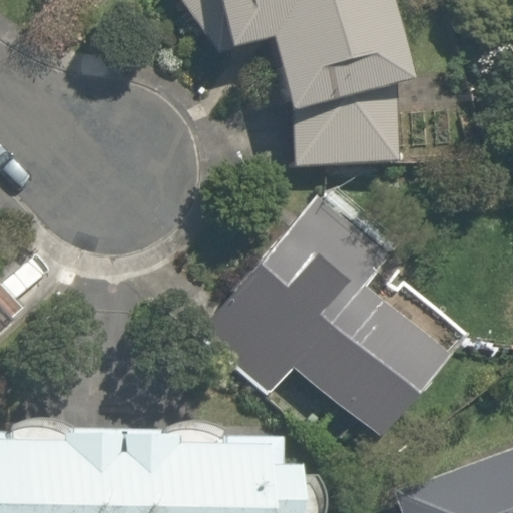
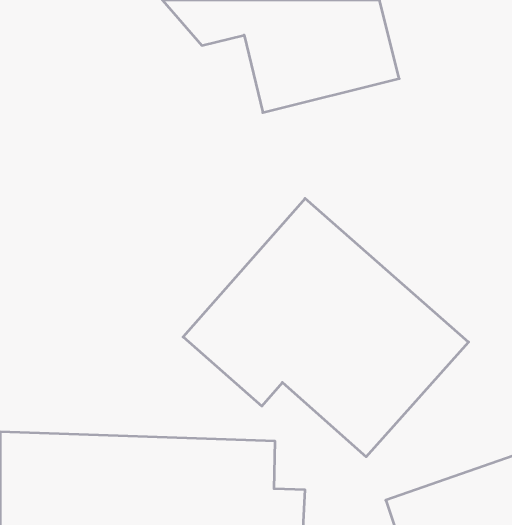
building: [291,102,421,166] -> none

